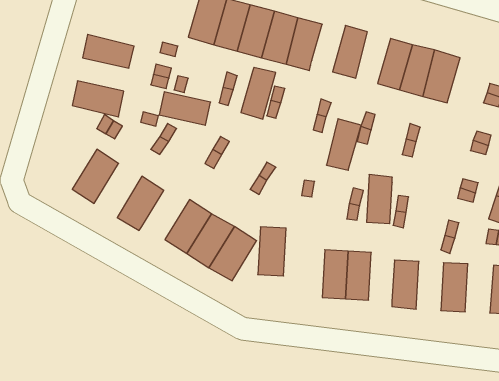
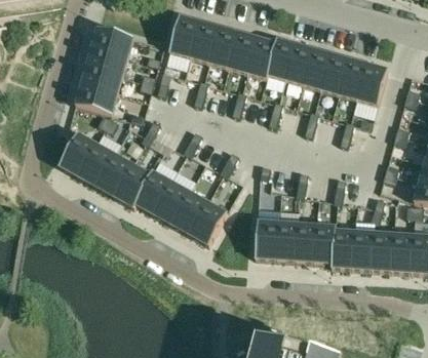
building: none -> [90,30,132,58]
building: [241,67,276,119] -> [268,38,296,79]
building: [159,92,211,125] -> [82,68,123,94]
building: [326,119,361,170] -> [304,47,332,88]
building: none -> [60,129,98,172]
building: none -> [95,152,133,195]
building: [367,175,392,224] -> [314,223,335,262]
building: none -> [133,169,171,212]
building: [258,227,286,276] -> [257,220,279,258]
building: none -> [352,230,374,269]
building: none -> [391,232,414,271]

